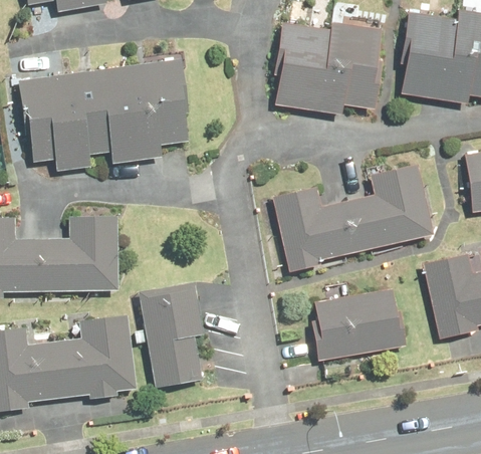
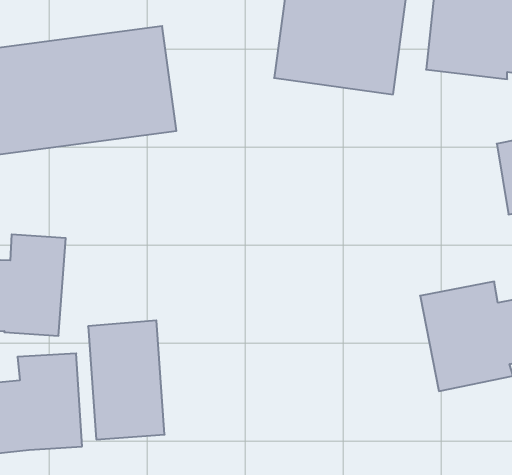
building: [271,152,438,268] -> none
building: [288,302,384,371] -> none

